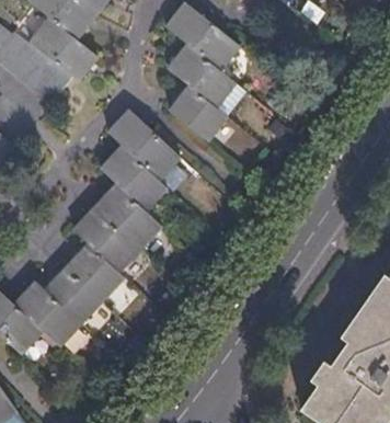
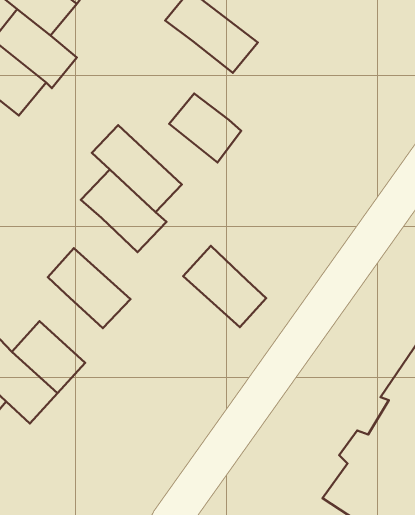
building: [169,45,237,107] -> none
building: [95,185,161,250] -> [183,246,266,327]
building: [68,245,124,300] -> none

